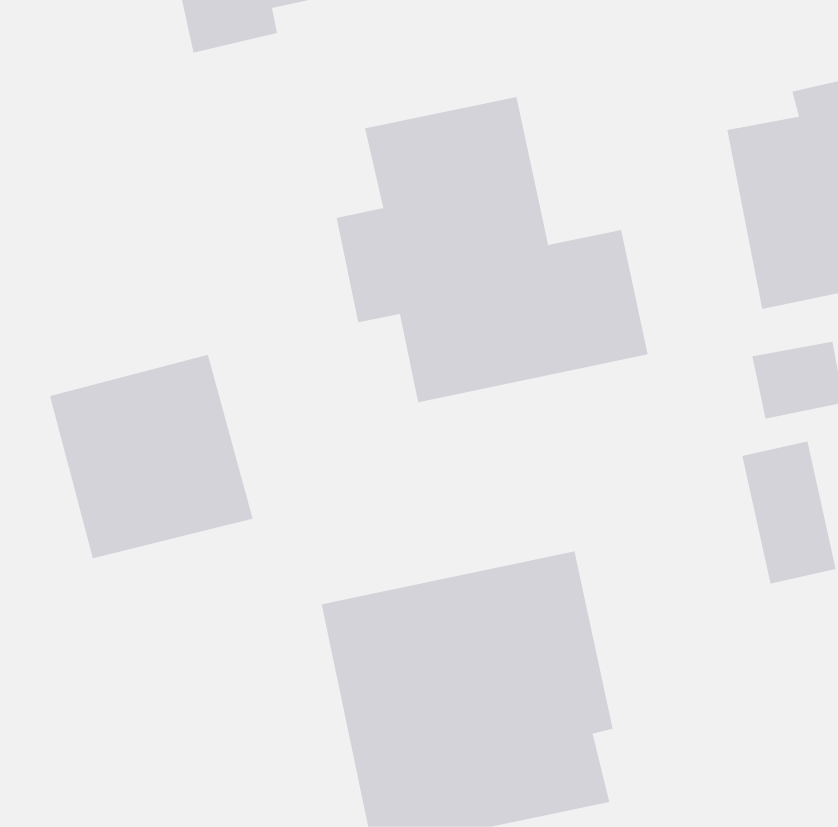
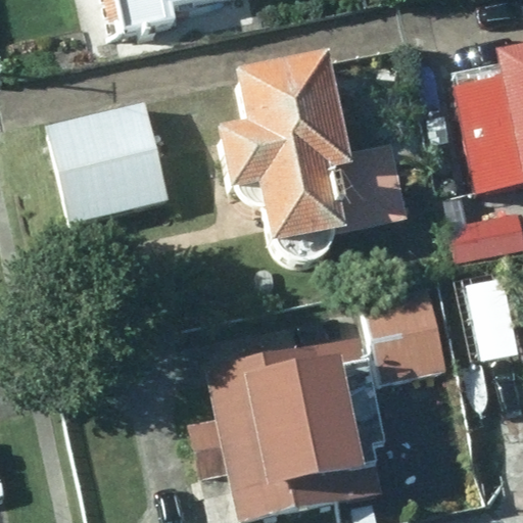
building: [49,354,254,559] -> [45,99,171,225]
building: none -> [364,285,449,382]

